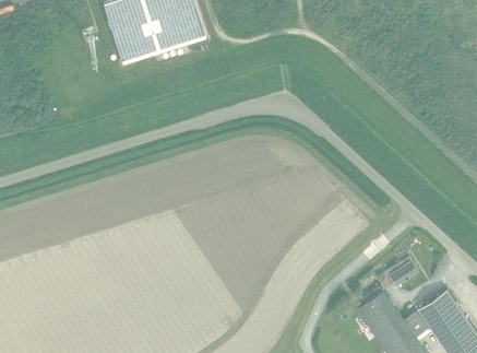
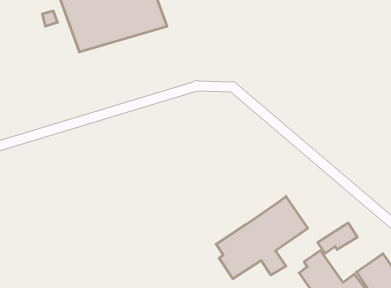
building: none -> [216,196,308,279]

